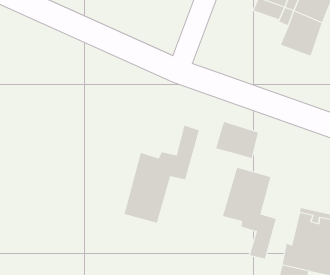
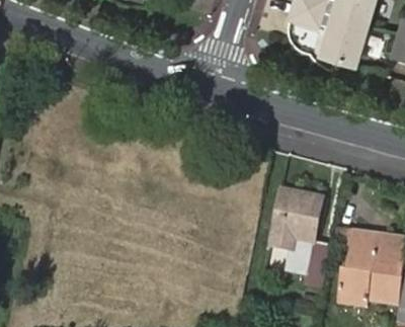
building: [215,121,258,159] -> none
building: [124,125,200,224] -> none

